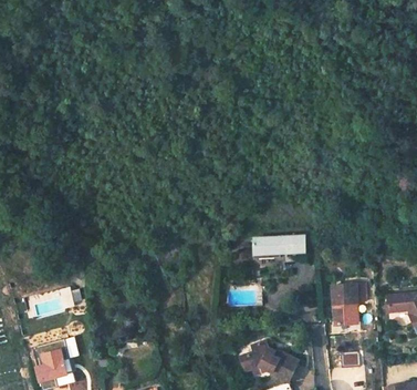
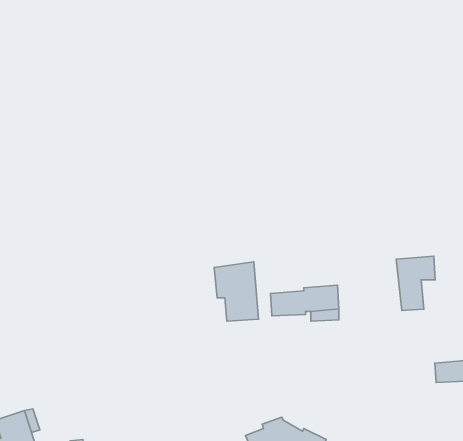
building: none -> [214,262,259,321]
building: [330,281,361,325] -> [396,256,435,311]

